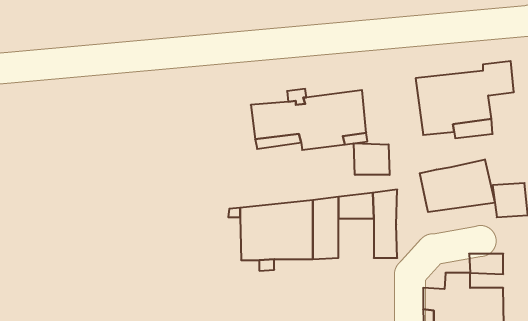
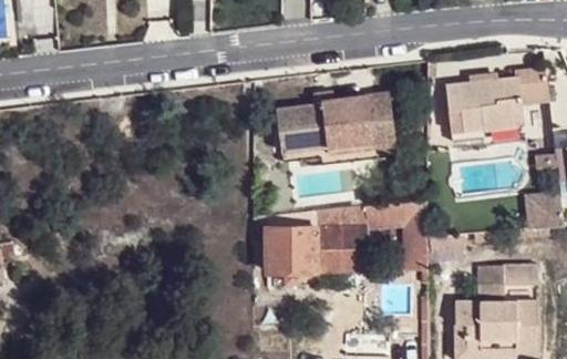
building: [354,143,390,175] -> none
building: [420,159,495,212] -> none

